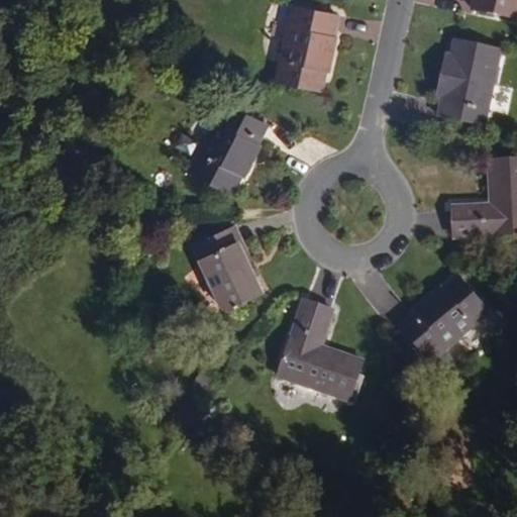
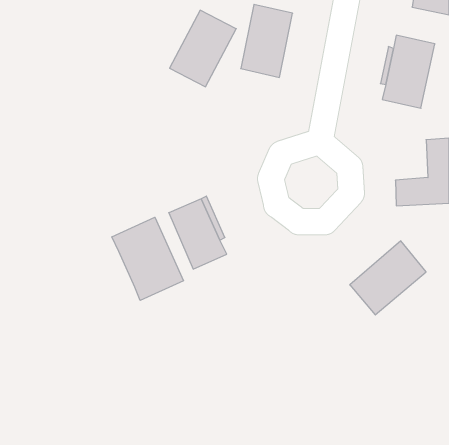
building: [189,102,266,190] -> [170,10,236,87]
building: none -> [112,217,183,300]
building: [277,301,363,402] -> none

